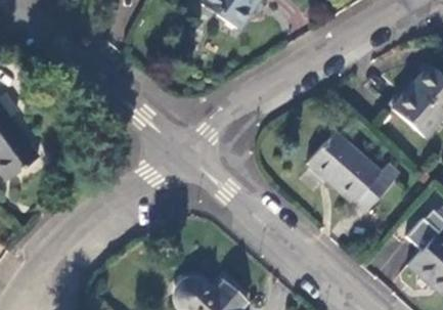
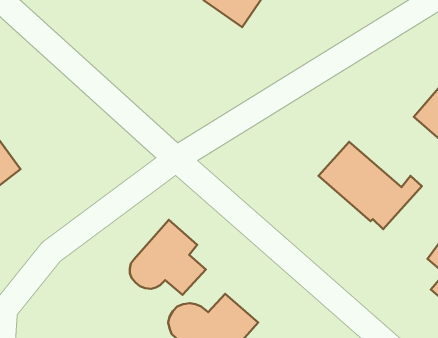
building: none -> [130,220,206,295]

